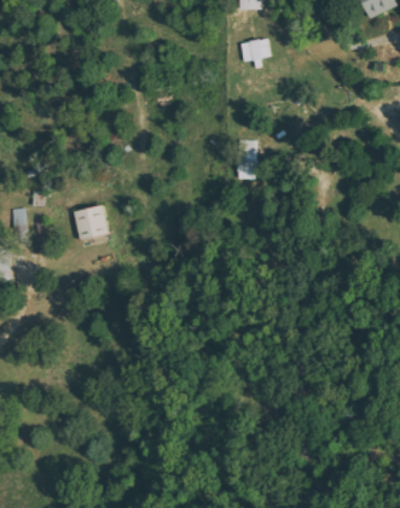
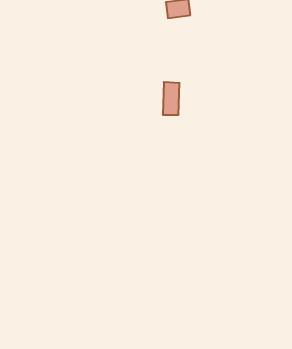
building: [75,205,108,239] -> none

